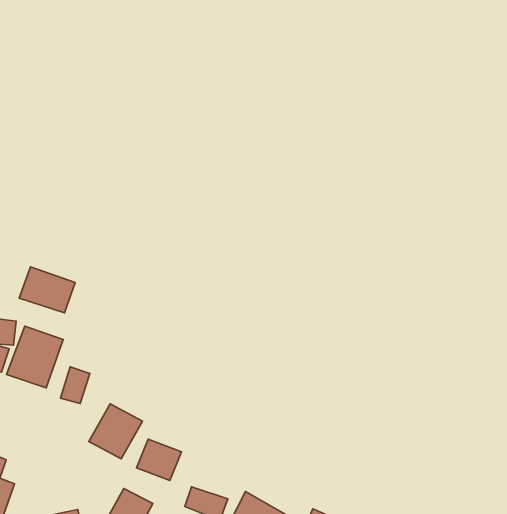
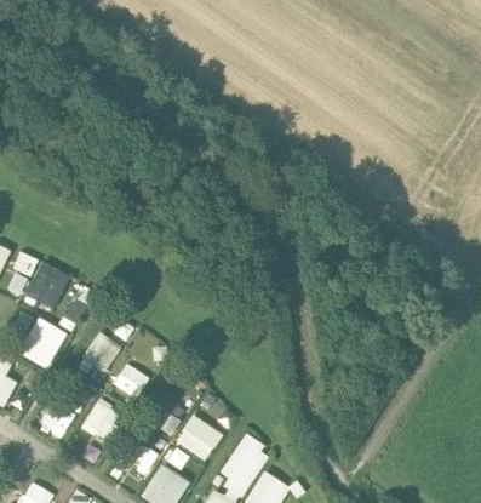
building: [19,267,75,313] -> none
building: none -> [19,320,65,368]

